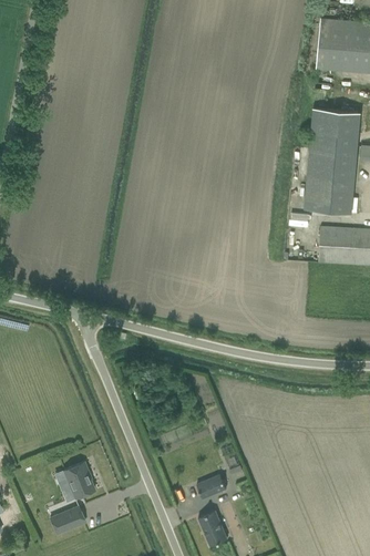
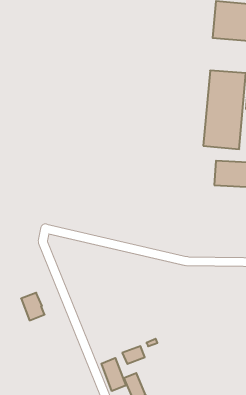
building: [63,462,94,498] -> [21,293,45,320]
building: none -> [101,358,126,391]
building: [49,506,84,535] -> none

